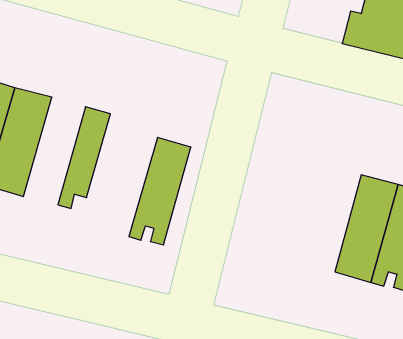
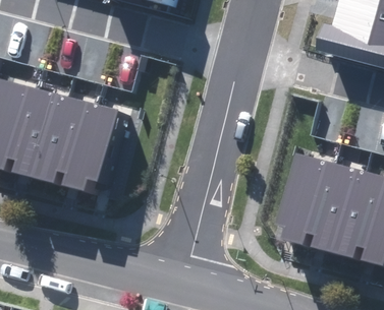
building: [129,137,191,245] -> [44,97,97,188]
building: none -> [274,153,332,244]

